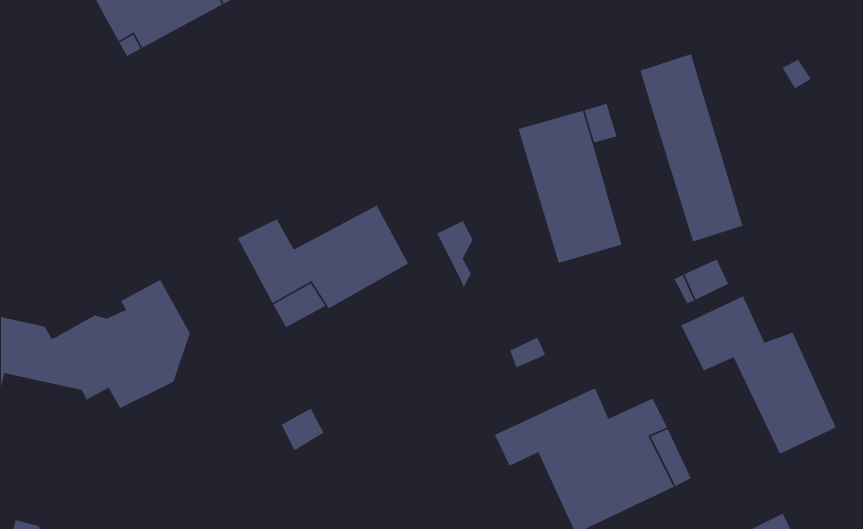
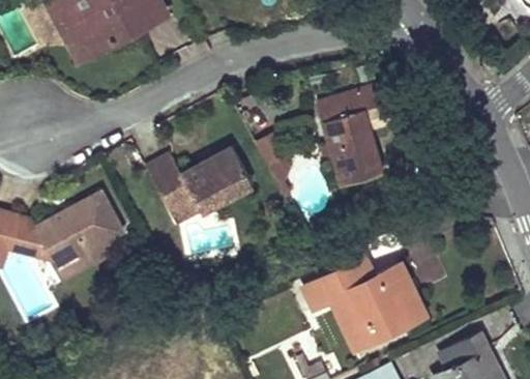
building: [639,53,744,243] -> none
building: [680,295,837,455] -> none

